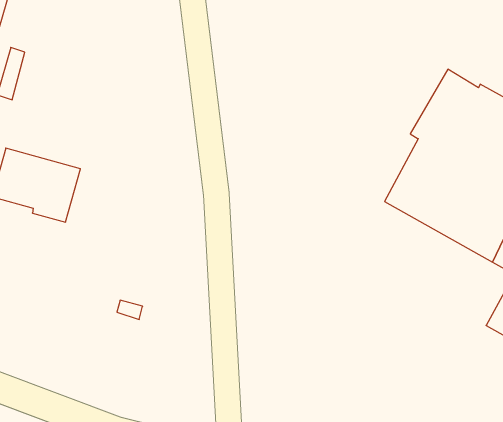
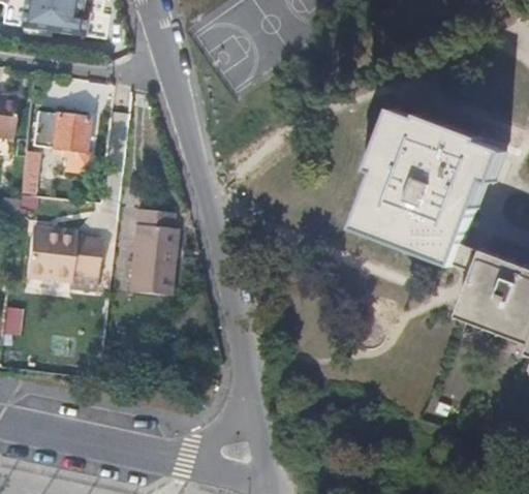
building: none -> [33,112,87,155]
building: none -> [130,206,180,294]

